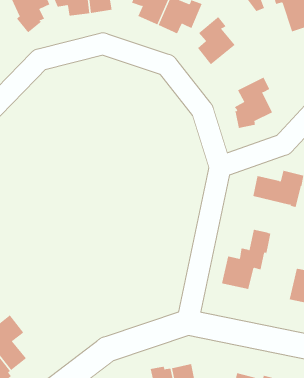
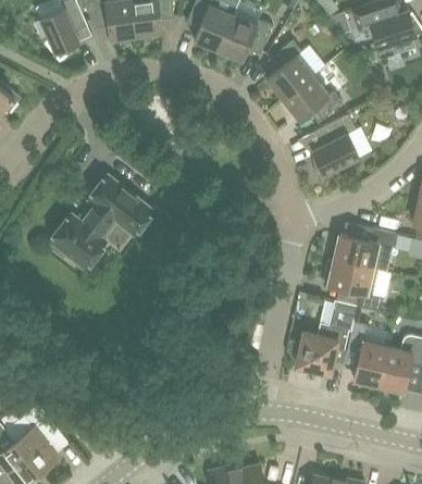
building: none -> [282,74,342,122]
building: none -> [49,174,152,269]
building: none -> [324,259,382,310]
building: none -> [346,321,386,385]

